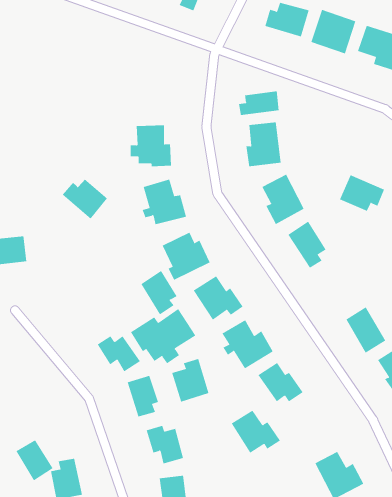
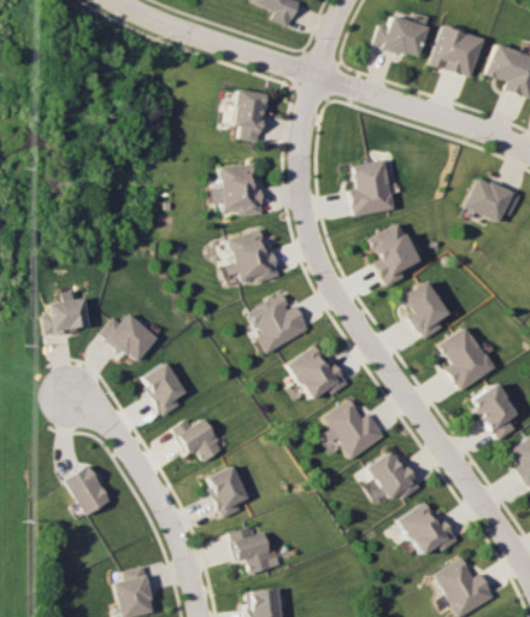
building: none -> [229,88,267,142]
building: [239,90,279,116] -> none
building: [339,174,385,211] -> [467,177,523,222]
building: [62,179,108,220] -> [102,313,158,363]
building: none -> [441,325,496,392]
building: [140,270,177,315] -> [141,362,186,416]
building: [130,308,196,364] -> none
building: [171,358,209,403] -> none
building: [231,410,281,454] -> [399,503,459,556]
building: [16,439,54,481] -> [65,465,111,516]

